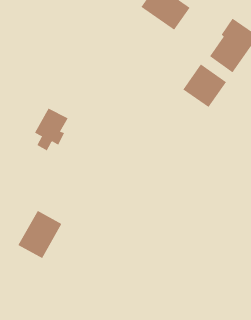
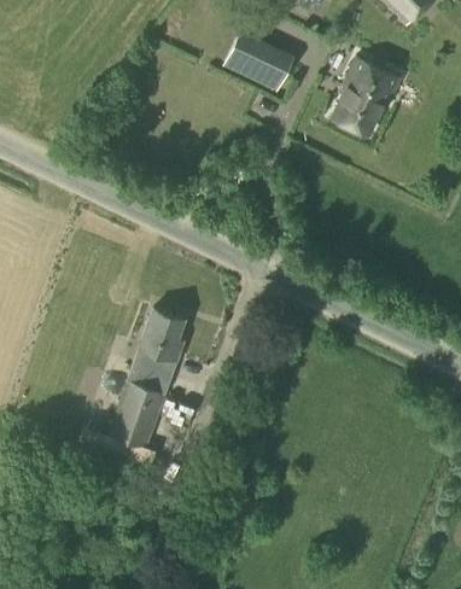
building: [182,64,227,108] -> none
building: [34,108,68,151] -> [141,308,186,369]

